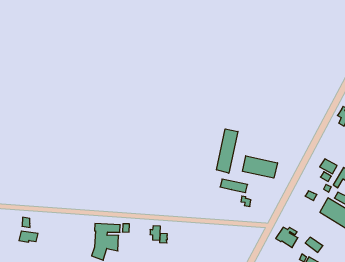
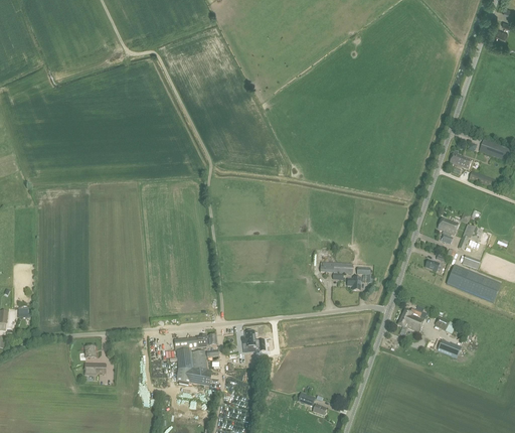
building: [217,129,238,173] -> none
building: [243,156,277,178] -> none

